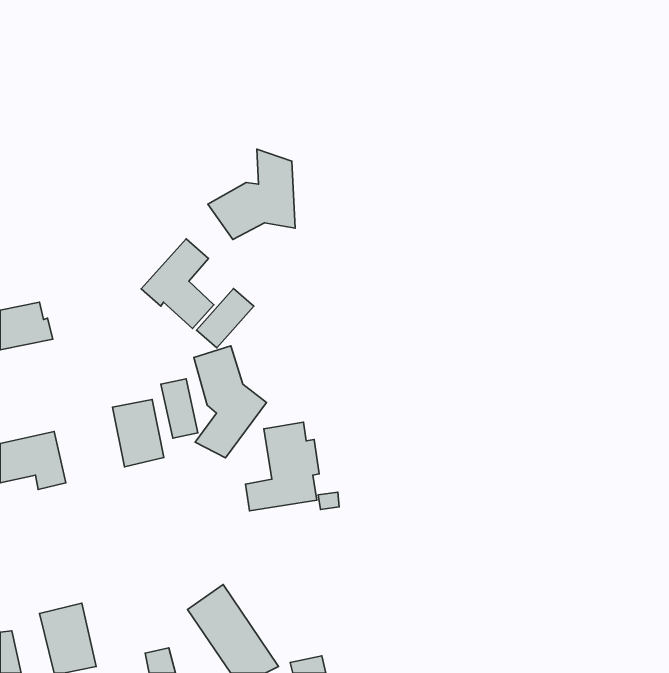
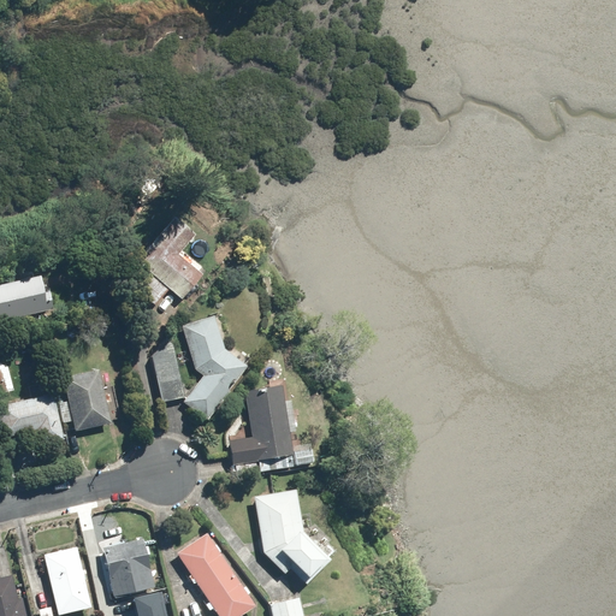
building: [208,149,295,239] -> none
building: [197,288,254,348] -> none
building: [113,399,164,467] -> [63,371,109,432]
building: none -> [254,490,331,584]
building: none -> [103,537,155,592]

